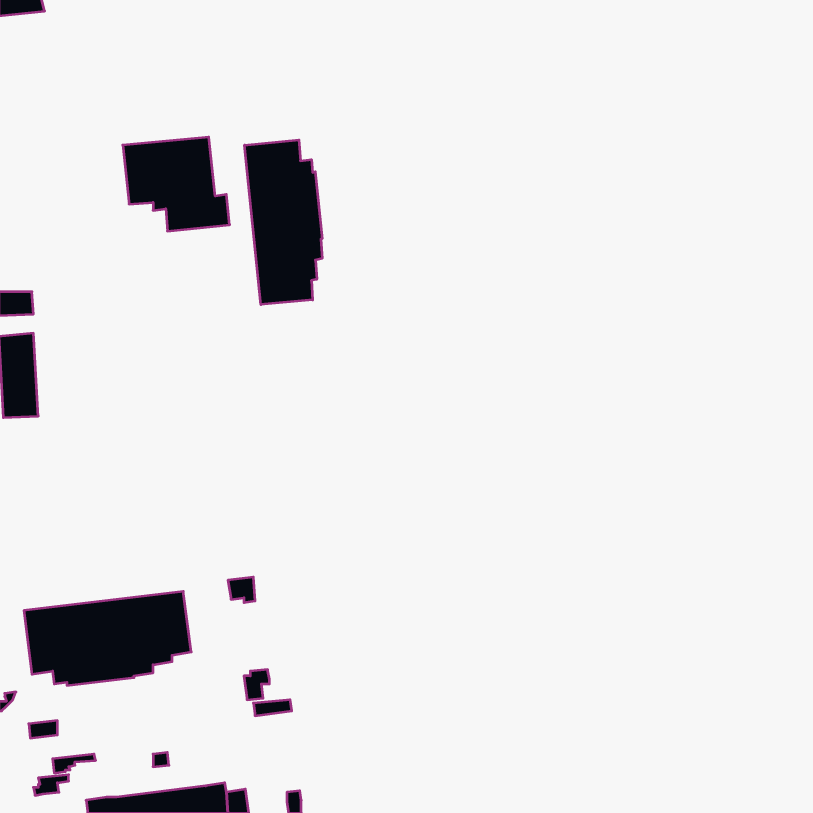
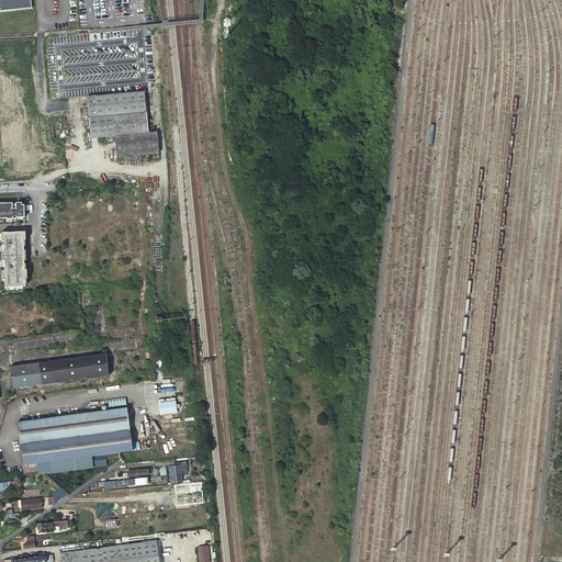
building: [245,140,322,305] -> none
building: none -> [10,352,108,387]

